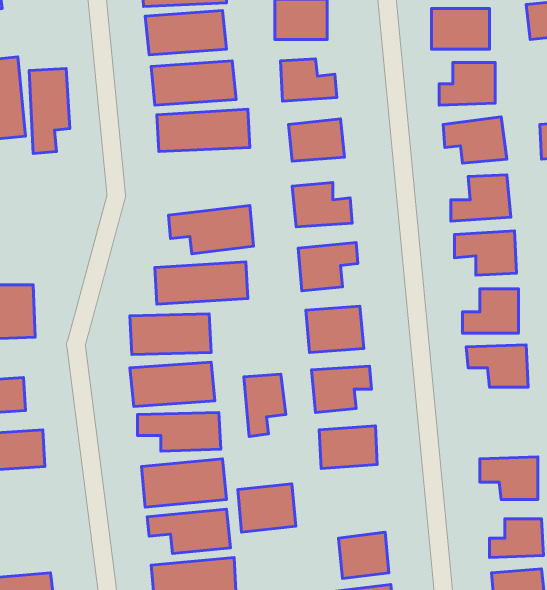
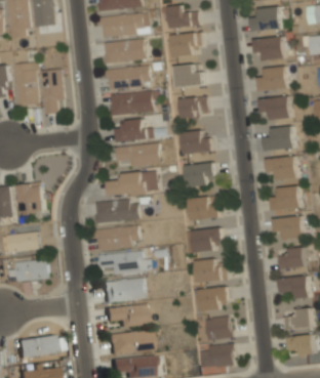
building: none -> [115,120,153,140]
building: [244,374,286,436] -> none
building: none -> [278,247,306,268]
building: [238,484,296,532] -> [198,286,229,311]

